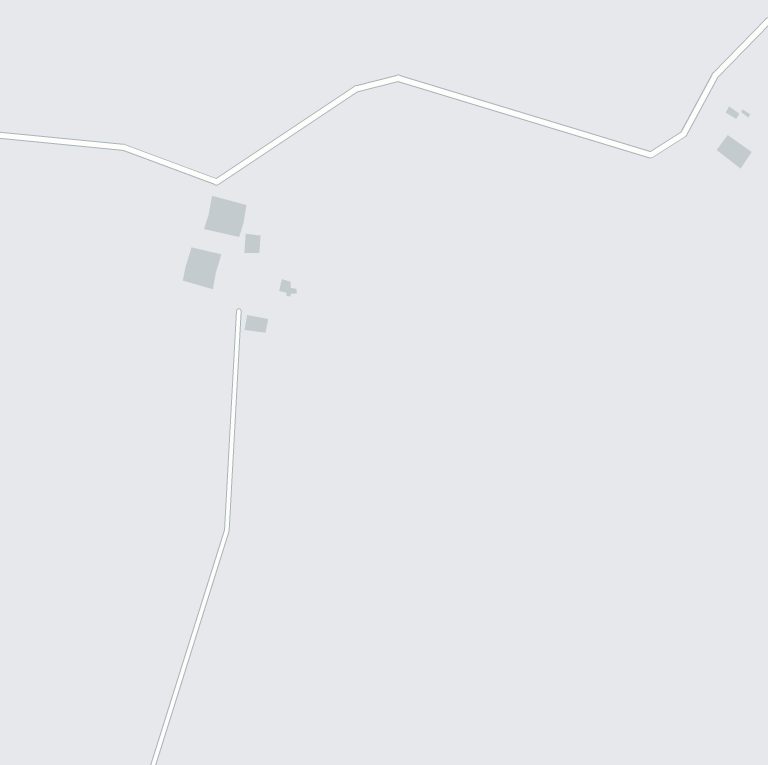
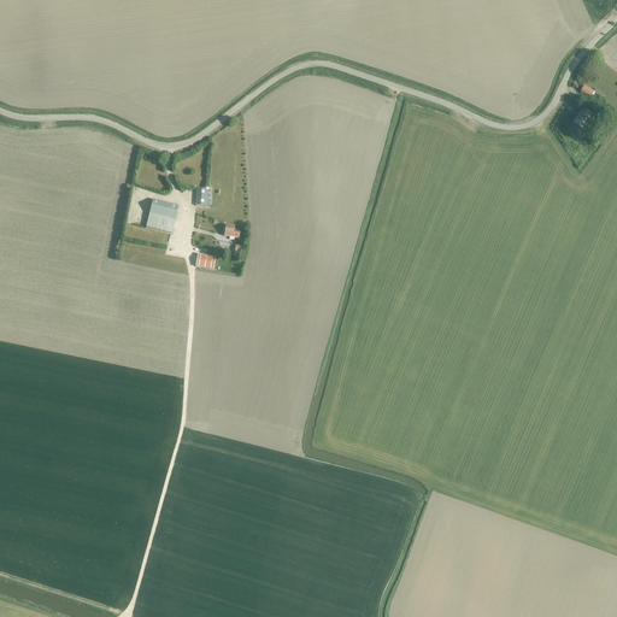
building: [203,195,248,238] -> none

